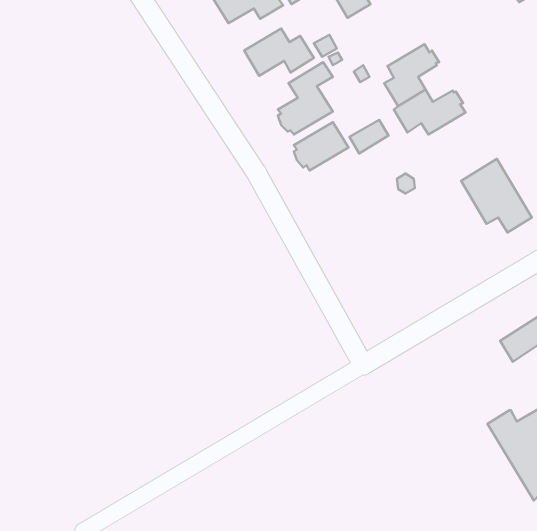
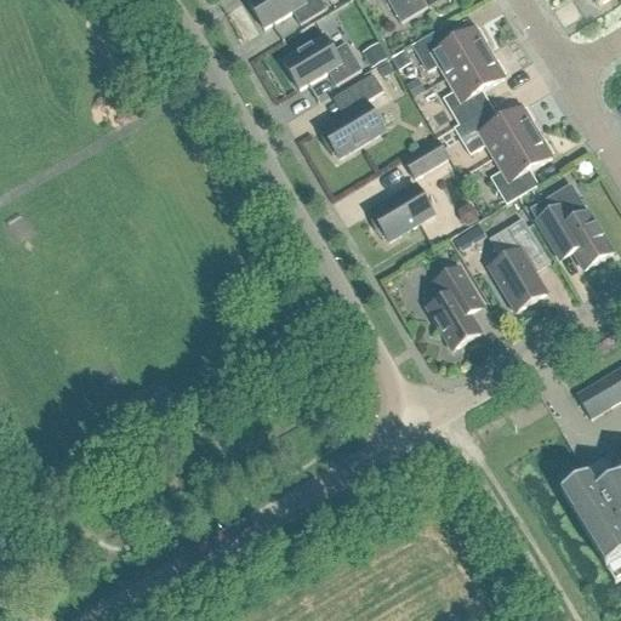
building: none -> [412,24,490,76]
building: none -> [491,130,554,203]
building: [294,122,349,171] -> [371,183,434,239]
building: none -> [490,217,549,309]
building: none -> [428,266,484,348]

